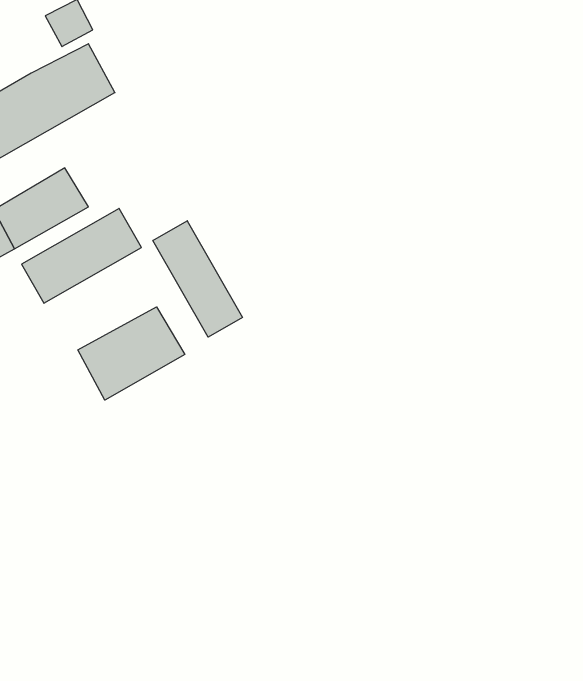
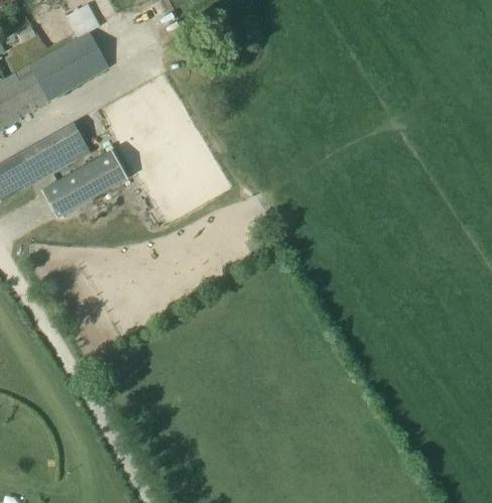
building: [153,221,242,337] -> none
building: [78,307,185,400] -> none

